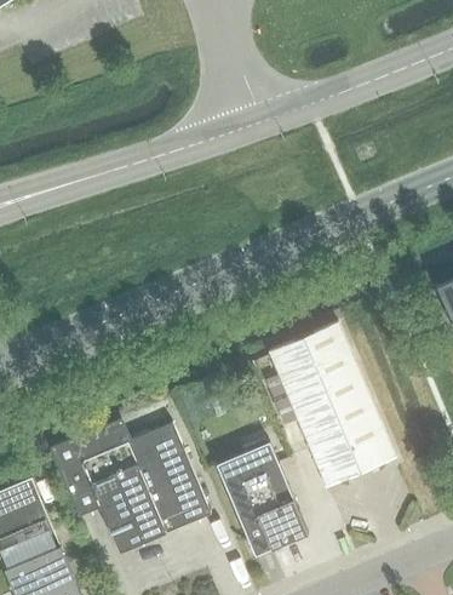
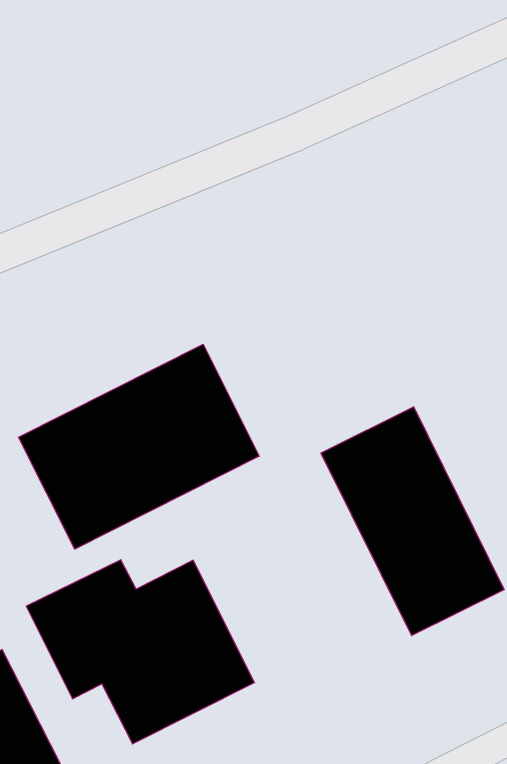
building: none -> [19,344,259,549]
building: [216,441,308,555] -> none

